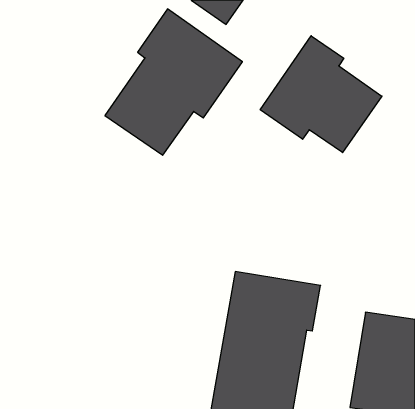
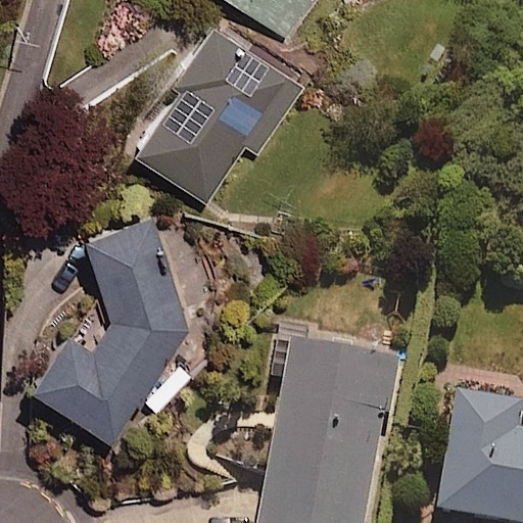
building: [260,36,382,153] -> none
building: none -> [29,215,185,439]

